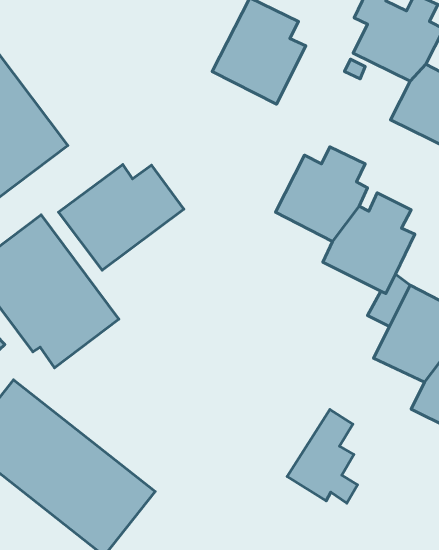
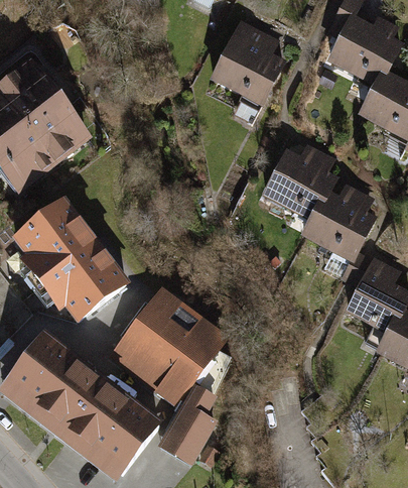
building: [59,165,184,270] -> none
building: none -> [111,287,226,401]
building: [287,410,358,503] -> [160,389,219,467]

